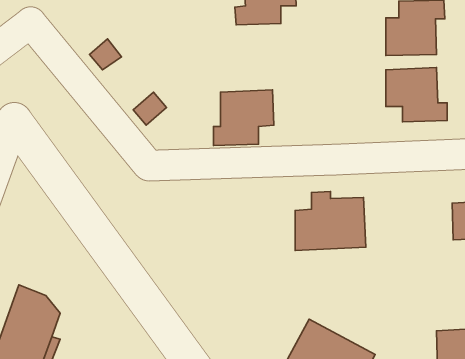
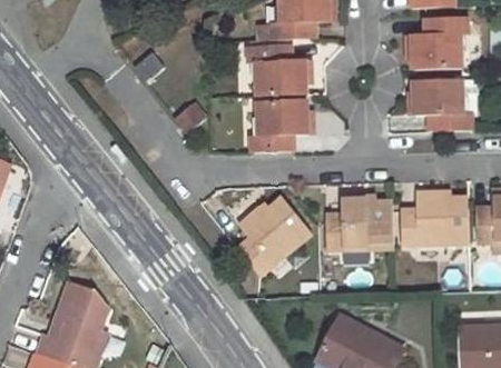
building: none -> [246,44,306,96]
building: none -> [402,192,469,243]
building: none -> [238,196,312,272]

